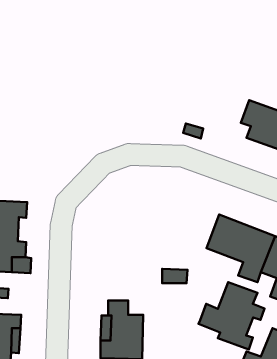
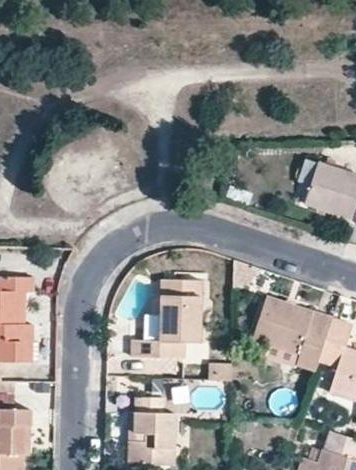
building: none -> [135,279,200,361]
building: [199,282,264,349] -> none

